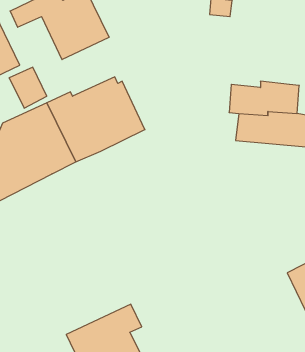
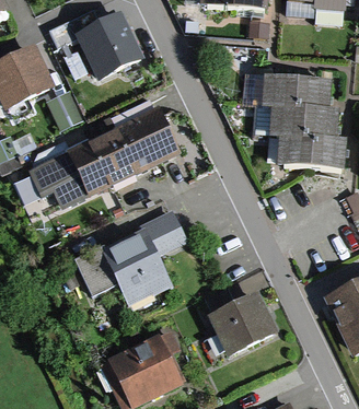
building: none -> [260,74,332,109]
building: none -> [74,210,185,307]
building: none -> [208,289,282,359]

